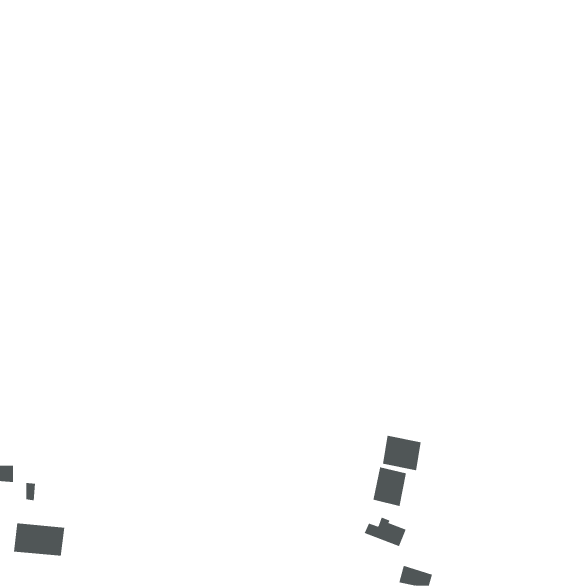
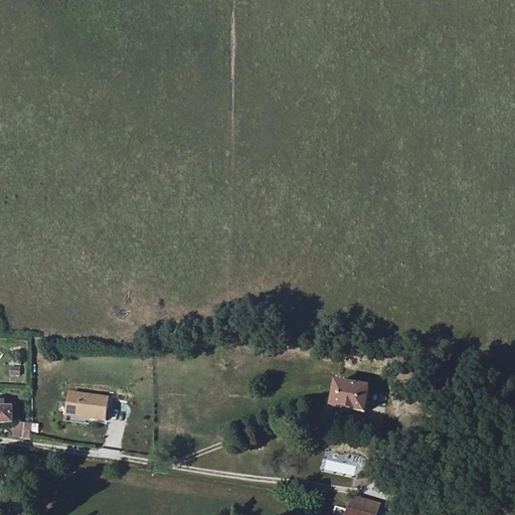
building: [373,466,407,507] -> none
building: [13,523,65,556] -> [63,391,109,420]

